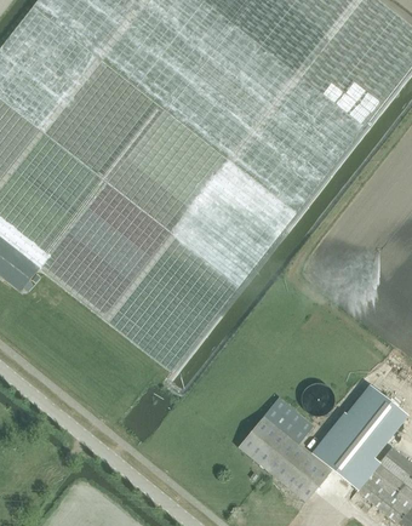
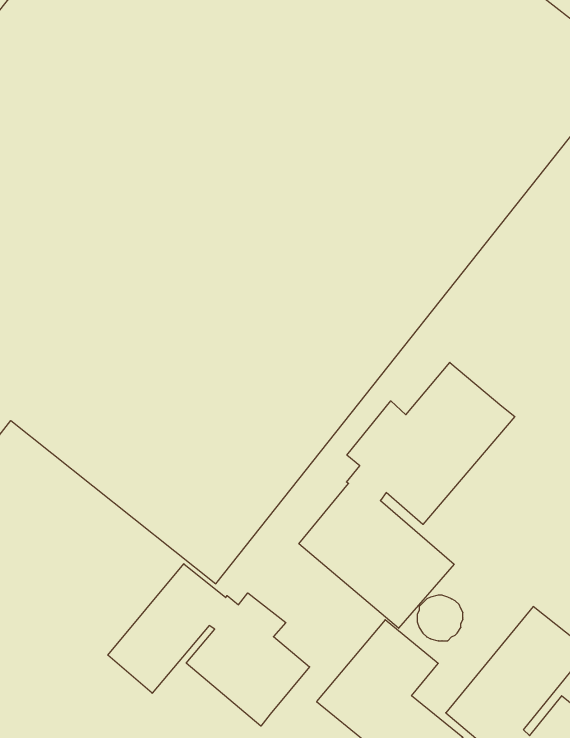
building: none -> [299,362,515,628]
building: none -> [108,564,310,726]

